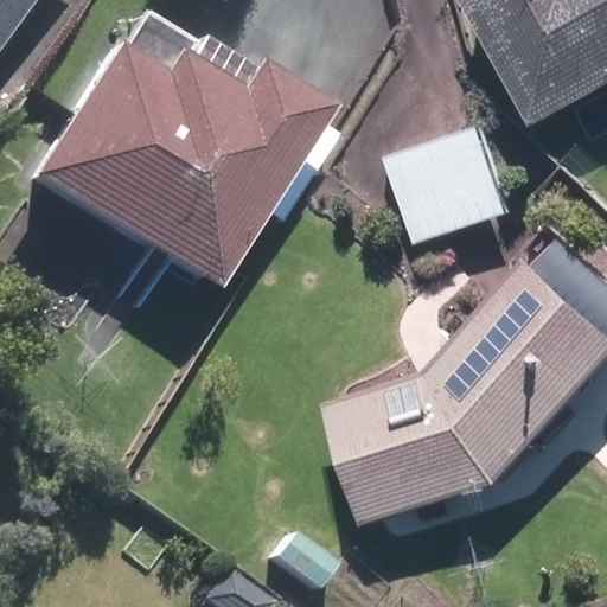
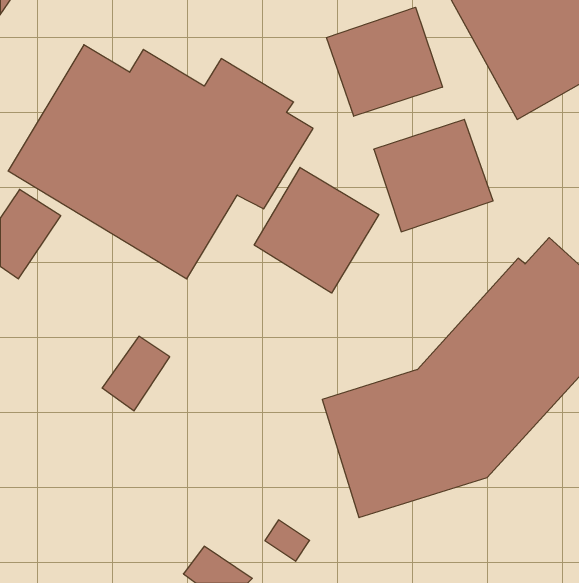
building: none -> [326,7,442,116]
building: none -> [254,167,379,293]

